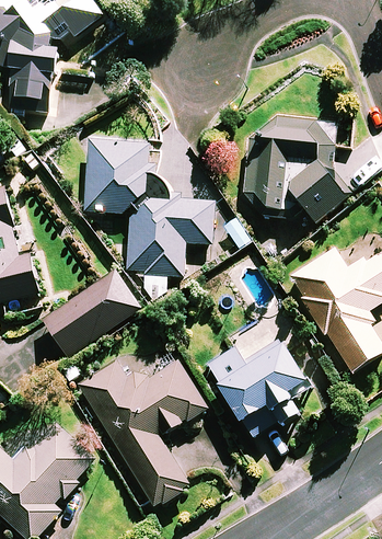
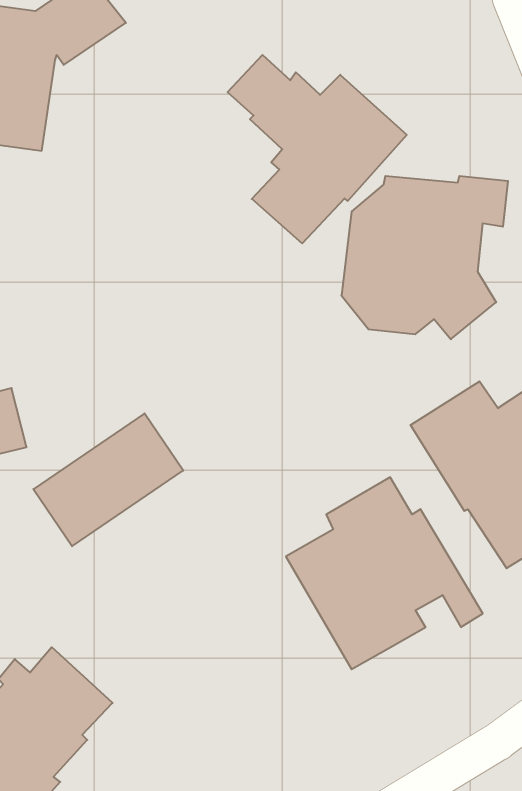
building: none -> [228,55,407,243]
building: [84,139,213,294] -> none
building: [76,349,206,507] -> none

